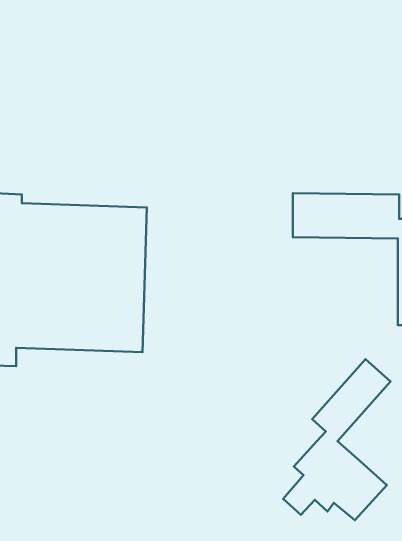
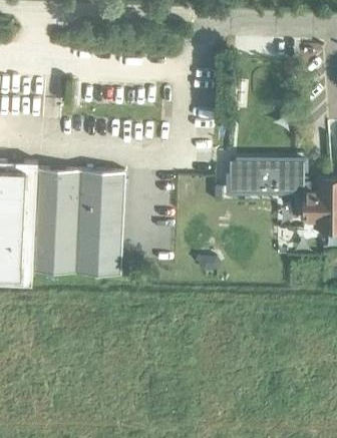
building: [283,359,390,520] -> none

